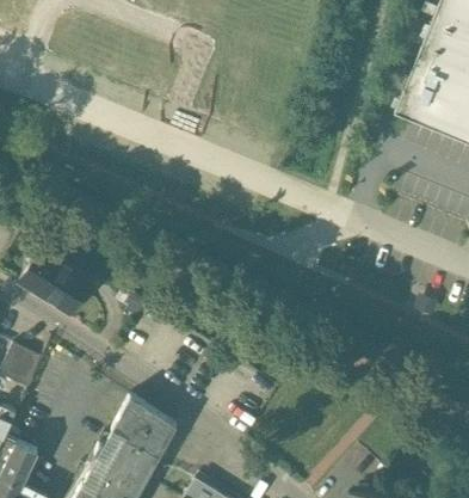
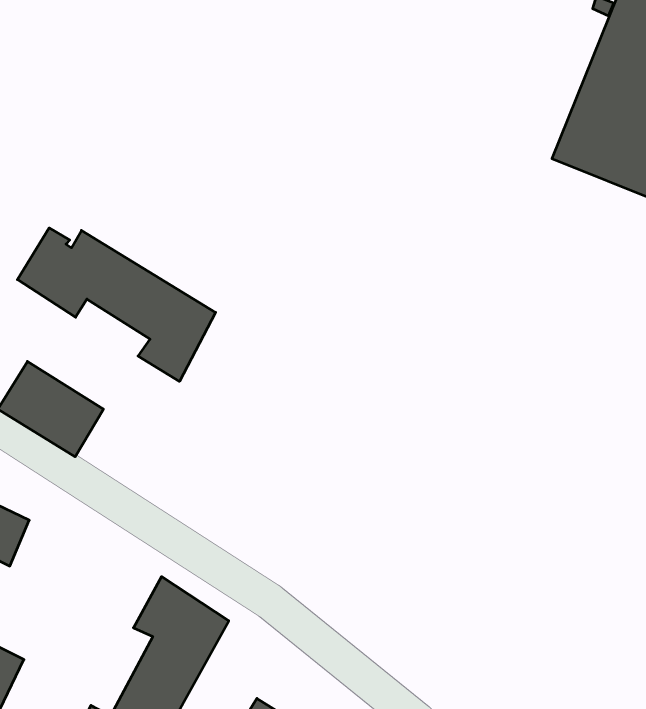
building: none -> [17,228,216,381]

